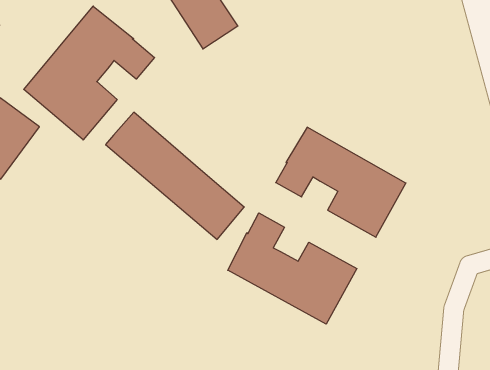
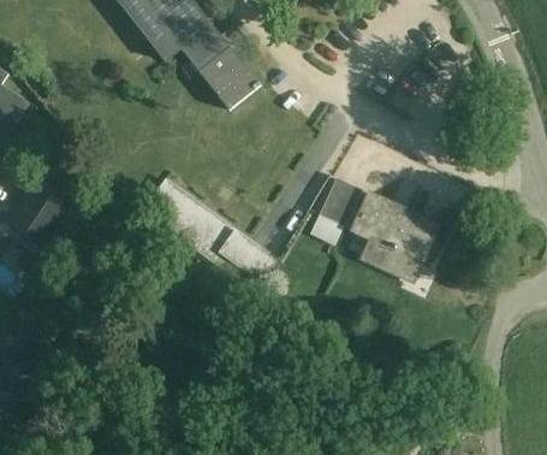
building: [24,6,155,140] -> none
building: [228,213,357,324] -> none

